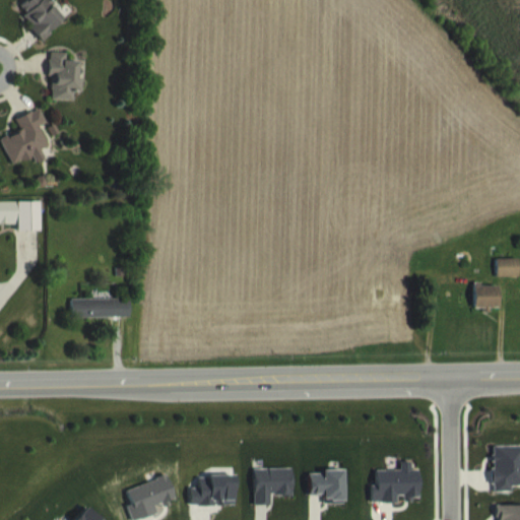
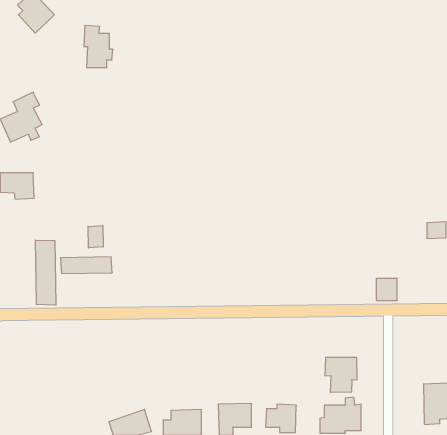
building: [49,51,82,100] -> [84,25,113,68]
building: none -> [88,225,103,248]
building: none -> [35,240,56,305]
building: [473,283,498,309] -> [376,278,397,300]
building: none -> [325,357,357,393]

